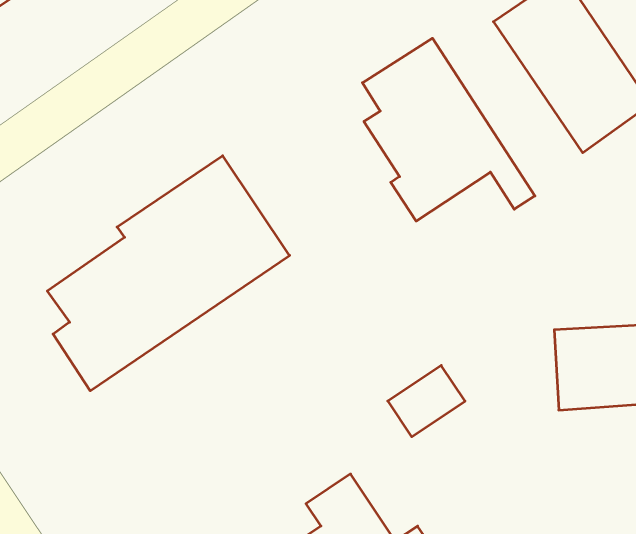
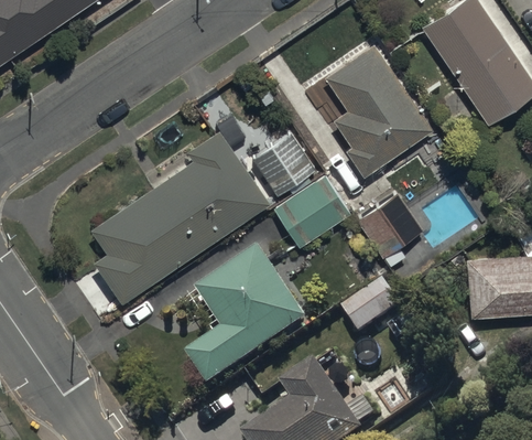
building: none -> [251,133,317,198]
building: none -> [273,176,350,250]
building: none -> [357,194,423,268]
building: none -> [187,250,308,391]

